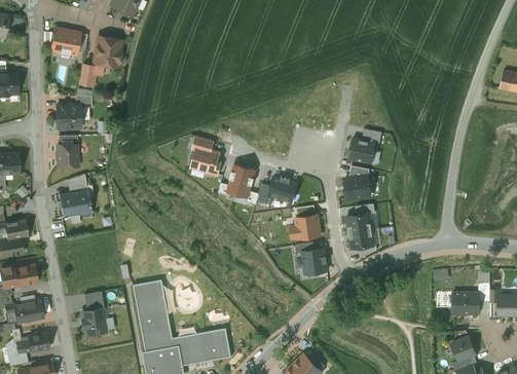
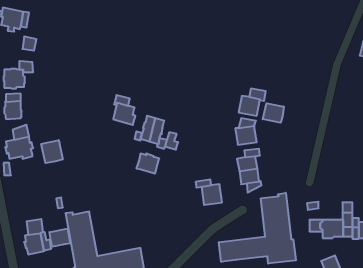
building: [94,36,121,68] -> none
building: none -> [263,103,284,123]
building: [268,176,297,200] -> [136,154,159,173]
building: none -> [41,140,63,163]
building: [296,215,321,237] -> none
building: none -> [219,193,296,264]
building: none -> [49,229,70,247]

